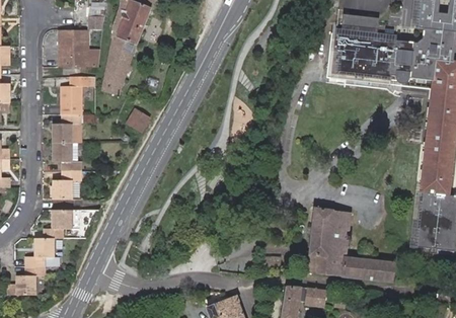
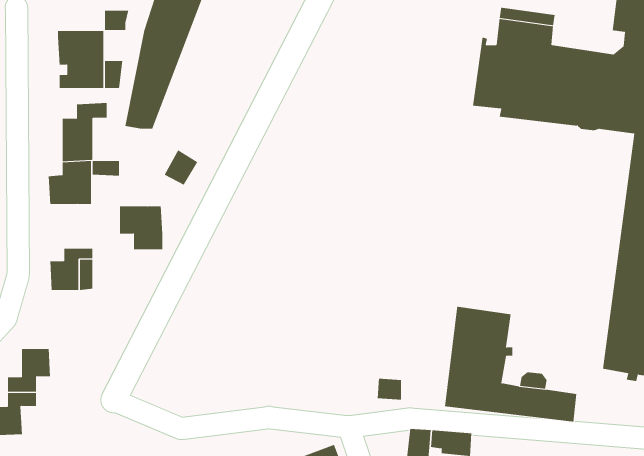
building: [53,142,81,170] -> [119,206,163,250]
building: [44,208,80,235] -> none

